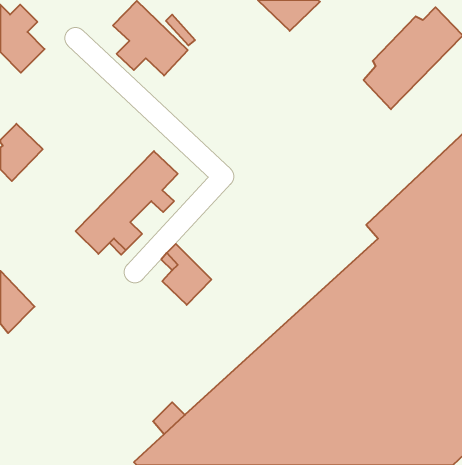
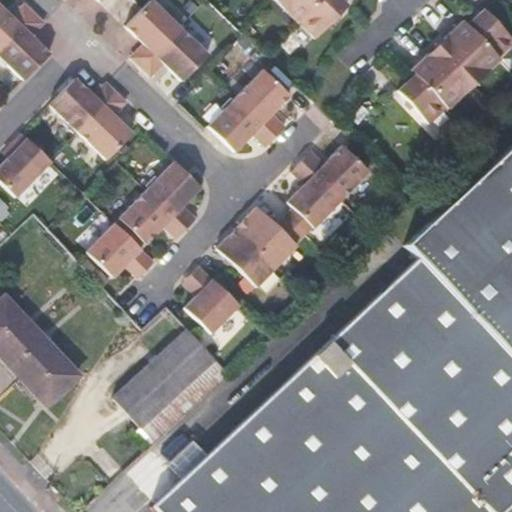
building: none -> [209,74,289,154]
building: none -> [52,79,133,159]
building: none -> [215,147,367,288]
building: none -> [114,330,215,426]
building: none -> [13,337,79,403]

